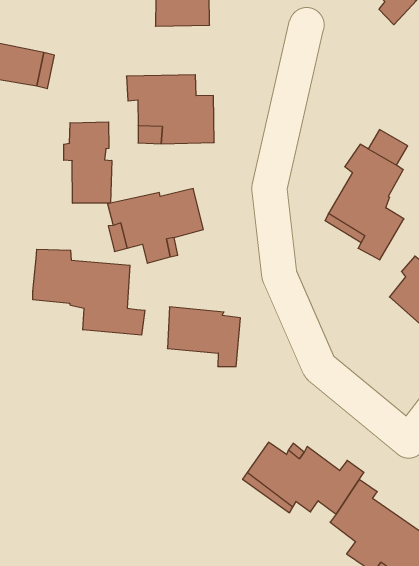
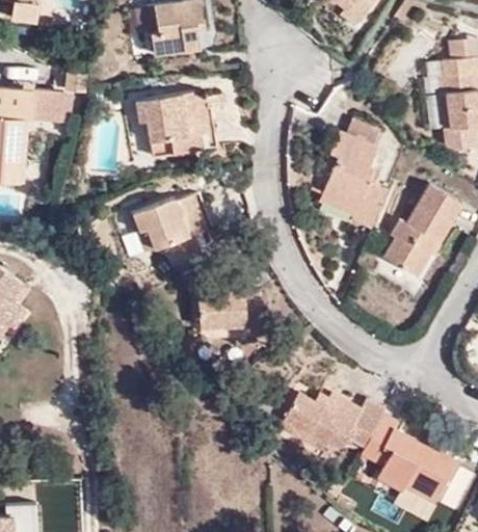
building: [64,122,112,203] -> none
building: [33,249,145,335] -> none

